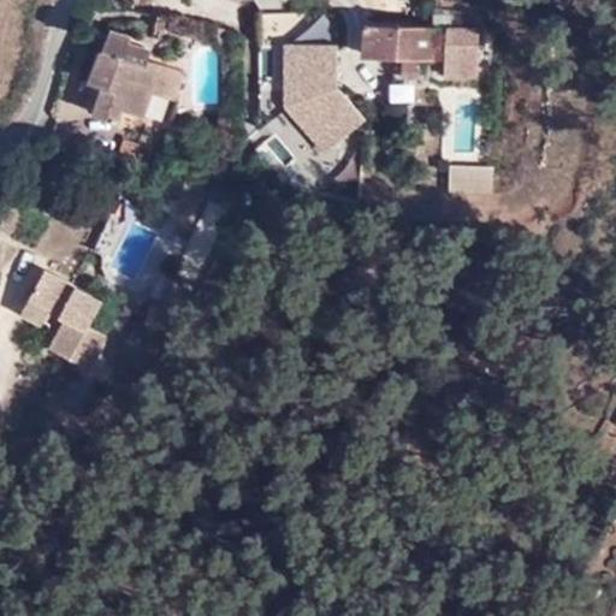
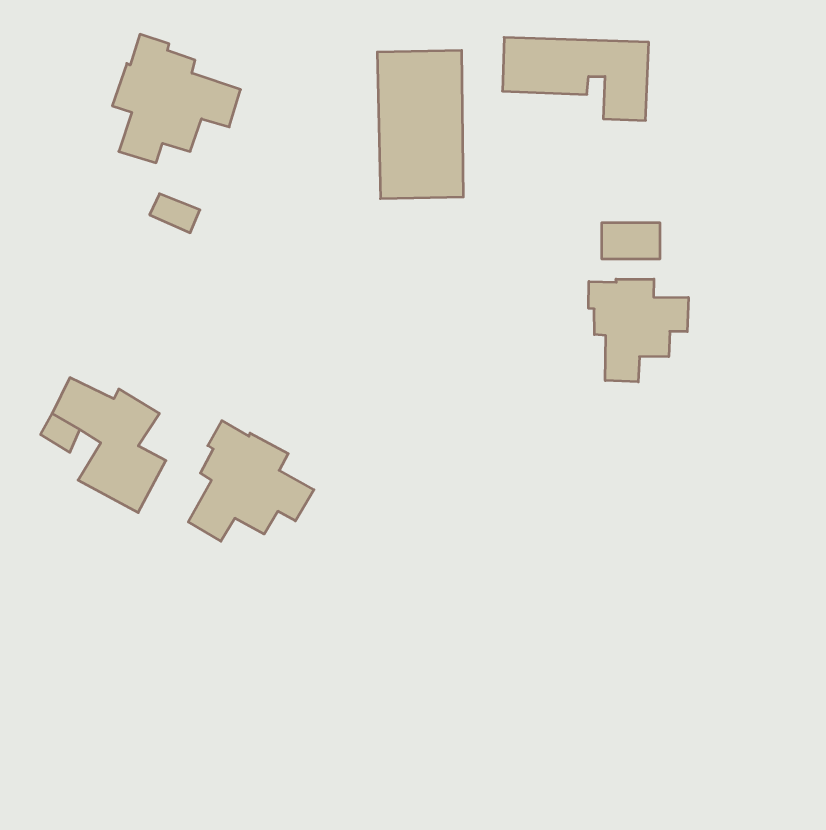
building: none -> [589,279,688,382]
building: none -> [188,421,314,541]

